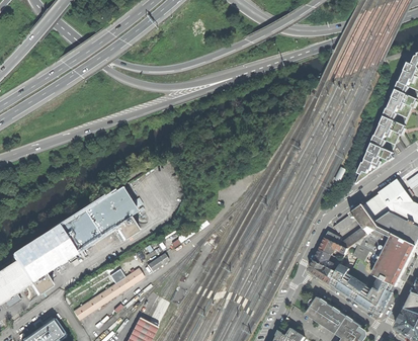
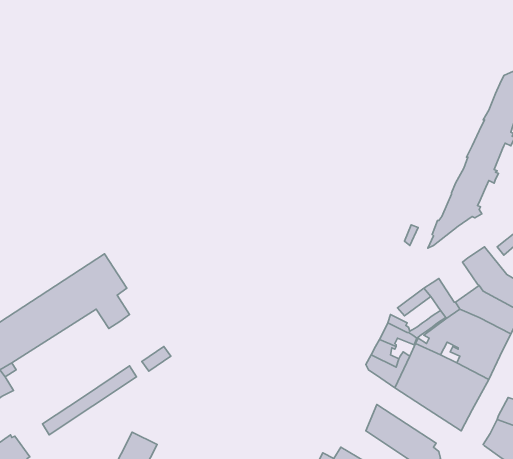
building: [362,192,391,222] -> none

